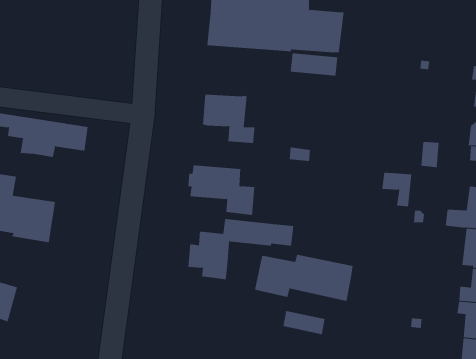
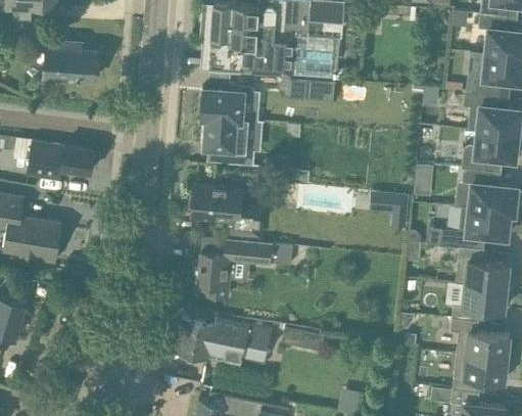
building: none -> [43,42,97,81]
building: none -> [200,85,253,121]
building: [254,254,353,302] -> [175,318,271,364]

